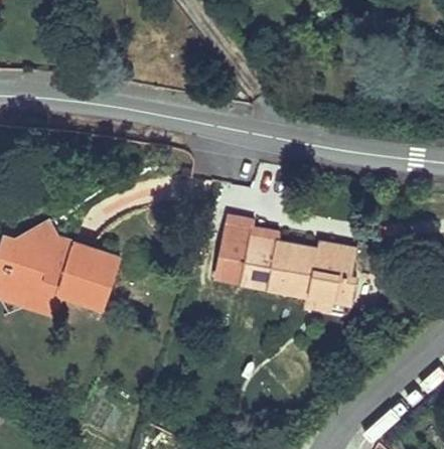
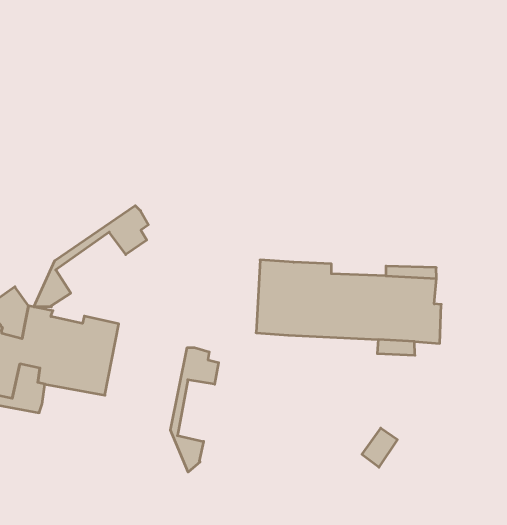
building: none -> [34,206,148,307]
building: none -> [170,348,219,472]

